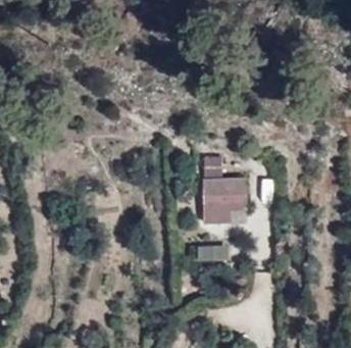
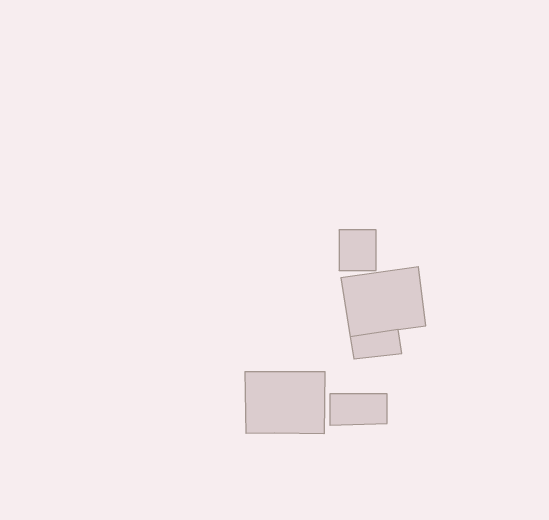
building: none -> [245,372,325,434]

